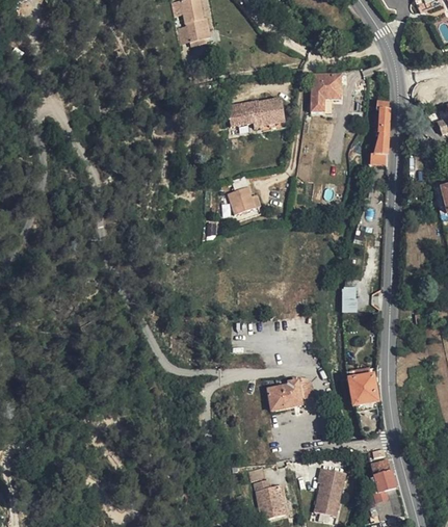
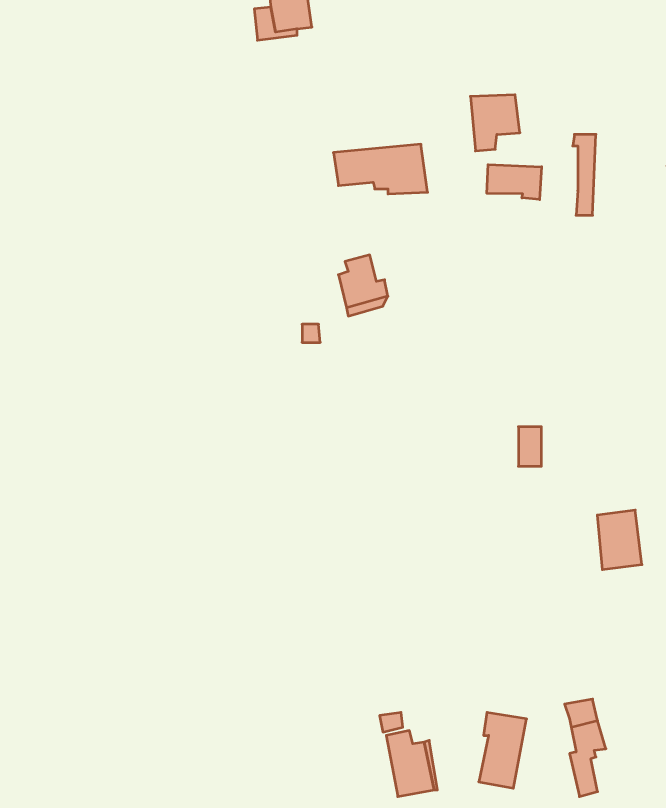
building: none -> [487,165,542,200]
building: [350,366,378,403] -> [597,510,642,570]
building: [267,378,310,409] -> none

